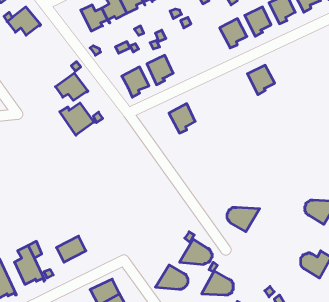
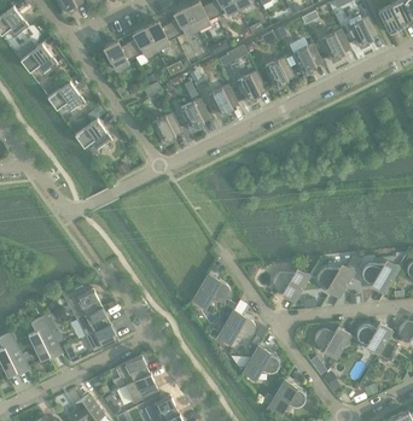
building: none -> [46,80,83,112]
building: [247,65,275,95] -> [234,70,266,104]
building: [60,103,94,135] -> none
building: [169,104,195,133] -> [206,83,237,117]
building: none -> [315,268,353,296]
building: none -> [63,286,100,318]
building: none -> [83,322,117,352]
building: none -> [313,327,348,357]
building: [155,265,188,289] -> [191,274,228,302]

